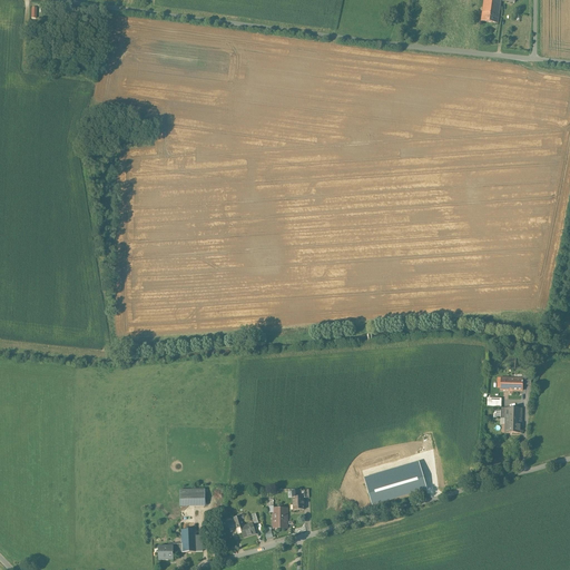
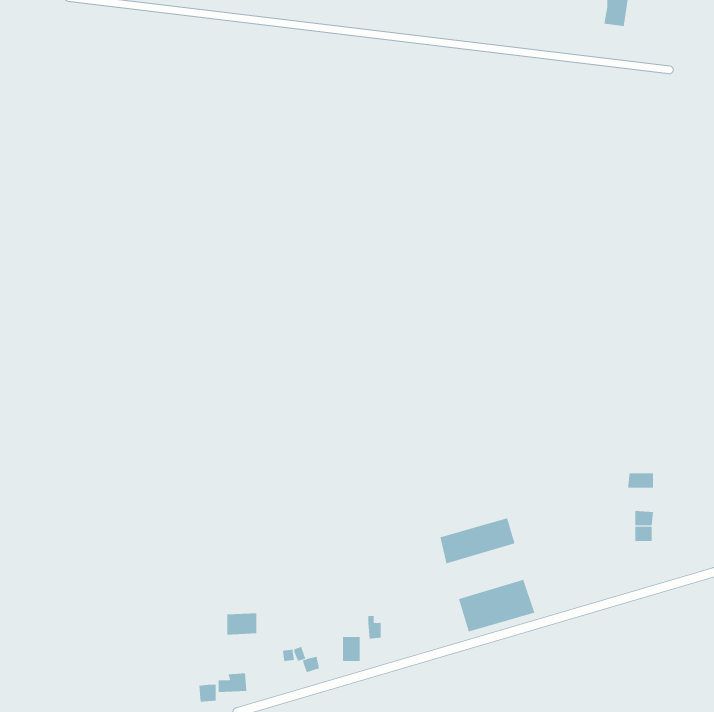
building: none -> [440,518,515,564]

